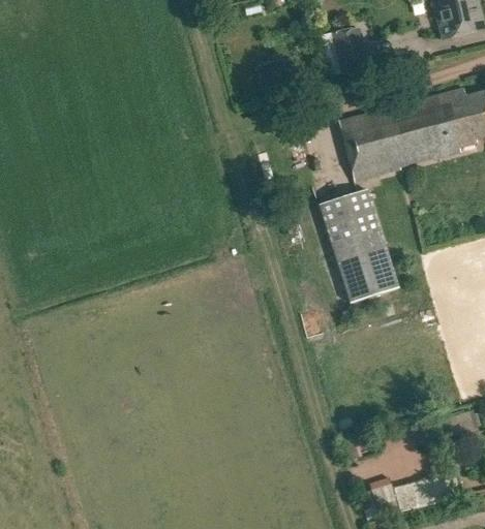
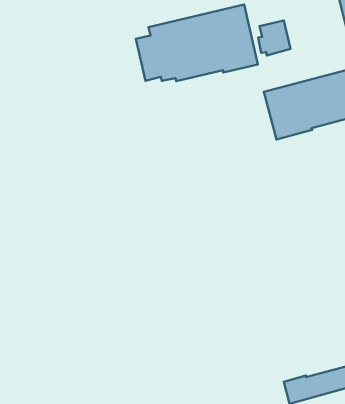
building: none -> [136,4,258,81]
building: [320,190,398,304] -> none

